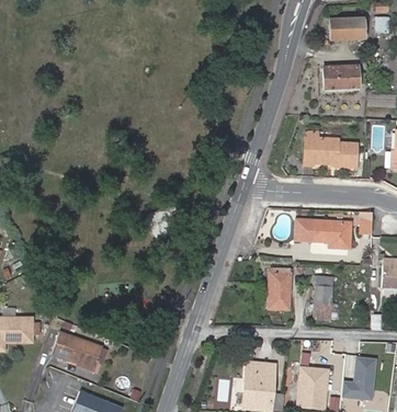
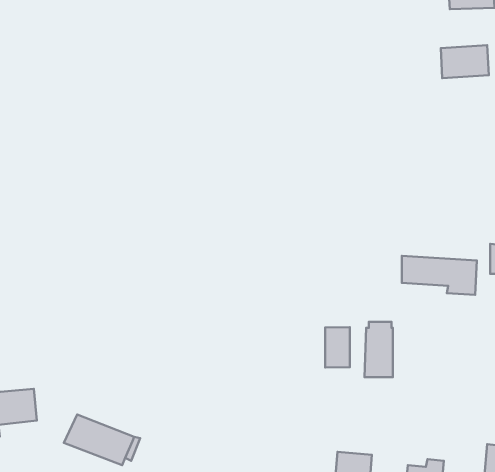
building: [304,137,355,167] -> none
building: none -> [325,327,350,367]
building: [315,286,331,319] -> none

